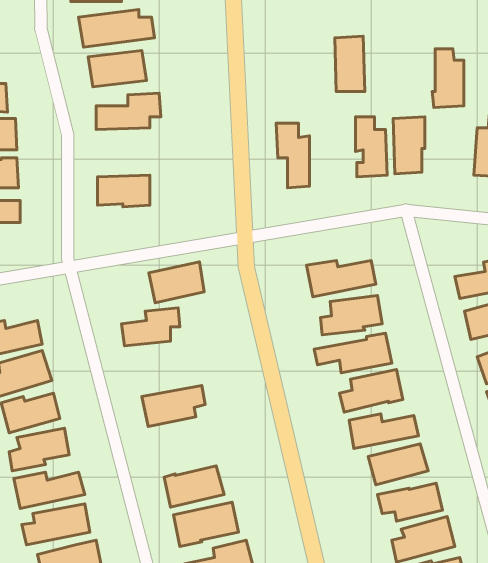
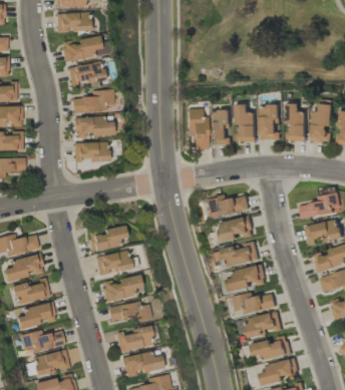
building: [335,36,365,91] -> [211,111,230,146]
building: [432,49,464,107] -> [286,105,306,142]
building: none -> [73,116,111,137]
building: [149,262,204,303] -> [93,251,128,277]
building: none -> [106,301,149,326]

